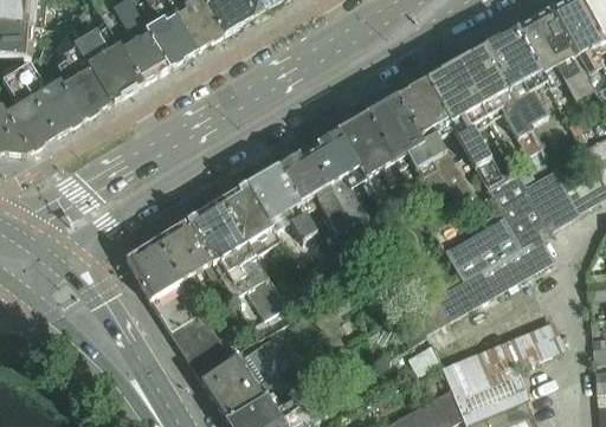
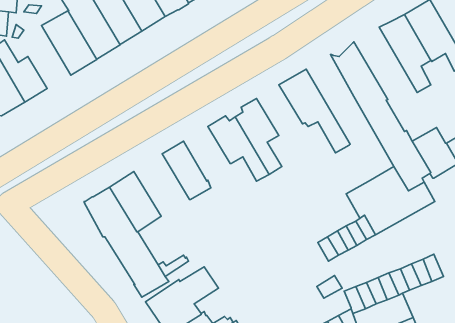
building: [54,31,109,119] -> none
building: [453,45,542,154] -> none
building: [395,78,471,203] -> none
building: [335,115,399,192] -> none
building: [246,166,316,240] -> none
building: [186,199,284,317] -> none

